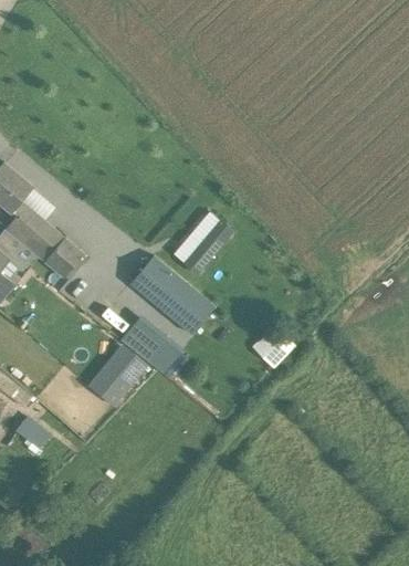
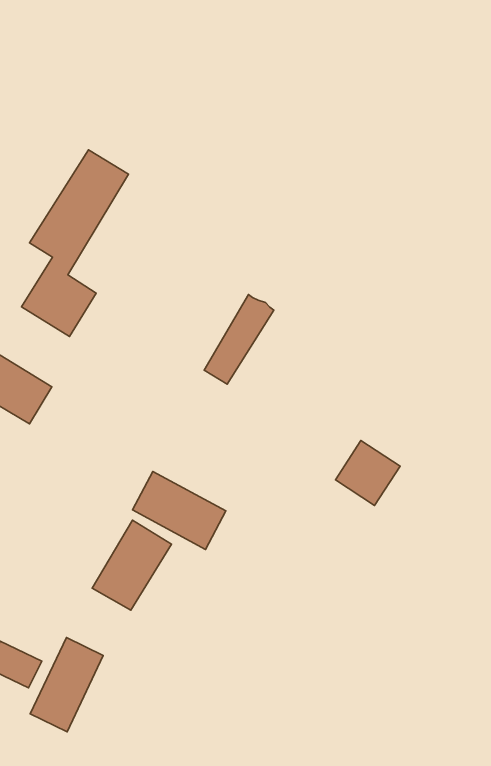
building: none -> [22,150,129,337]
building: [126,254,212,334] -> none
building: none -> [30,638,103,732]

